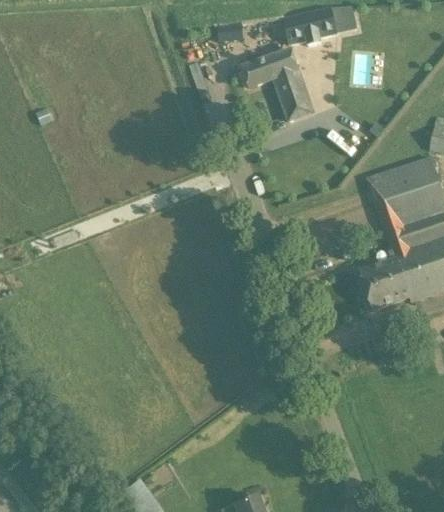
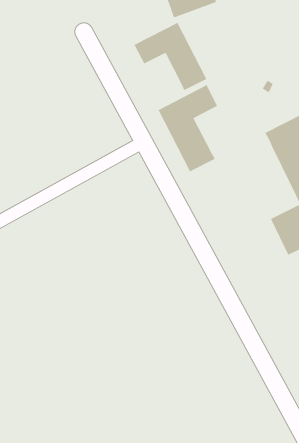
building: none -> [158,84,218,172]

